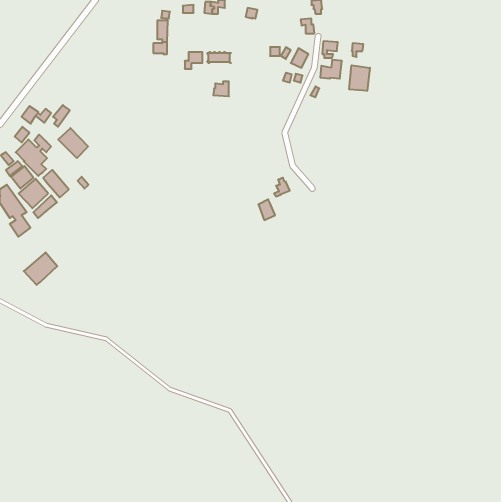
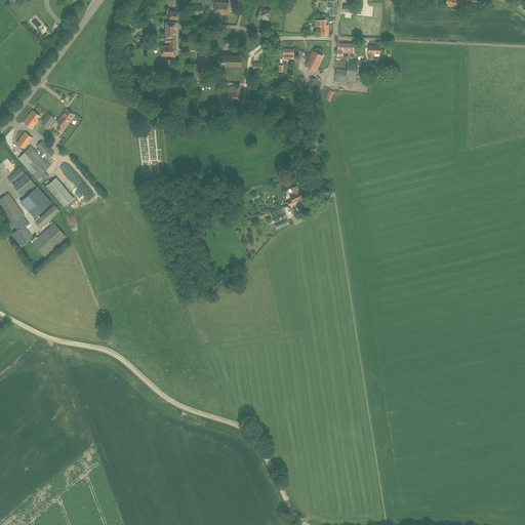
building: [349,65,370,91] -> none
building: [58,128,88,158] -> none
building: [24,252,57,285] -> [31,223,66,256]

